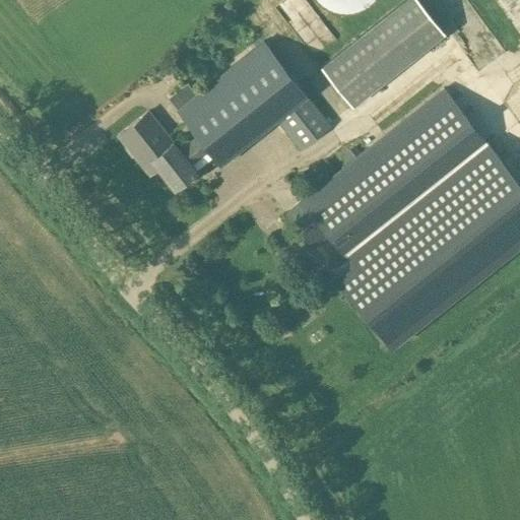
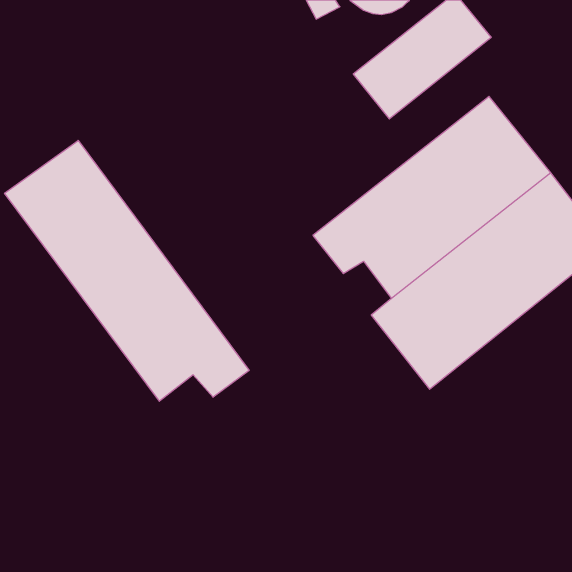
building: [118,42,331,190] -> none
building: none -> [5,140,249,401]

